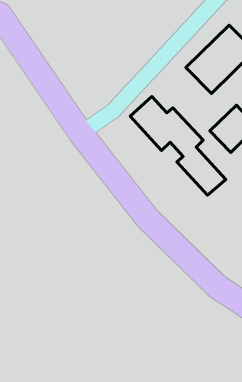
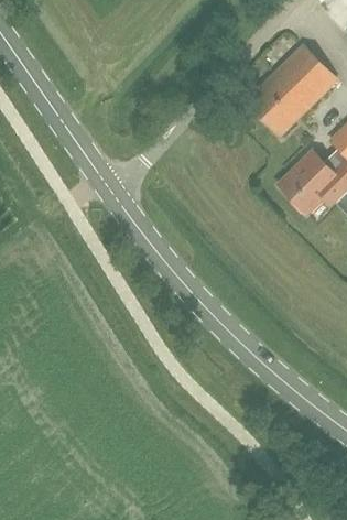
building: [130,96,226,195] -> none

